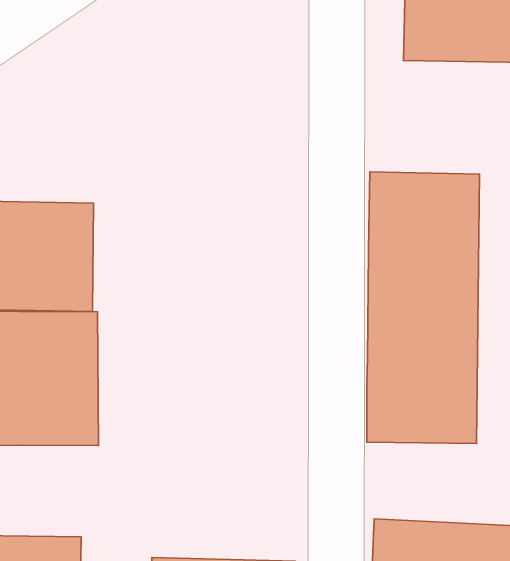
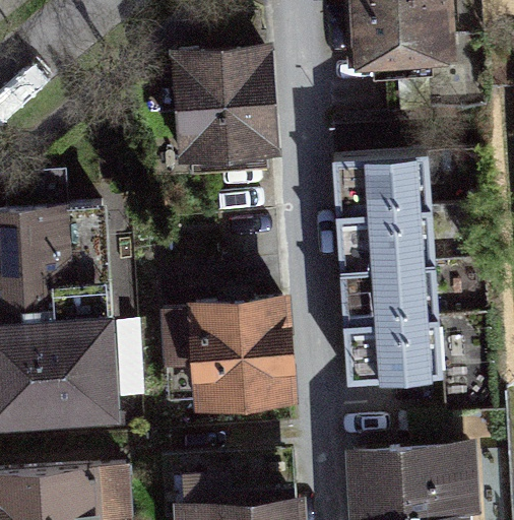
building: none -> [174,57,277,183]
building: none -> [164,298,295,402]

